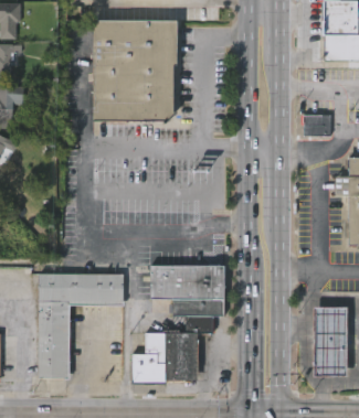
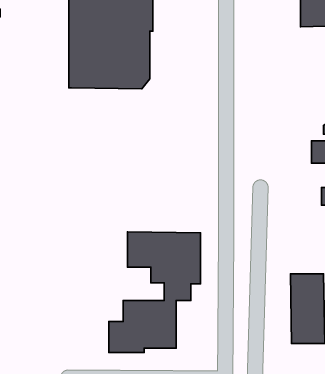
building: [303,114,331,135] -> none
building: [40,274,123,378] -> none

